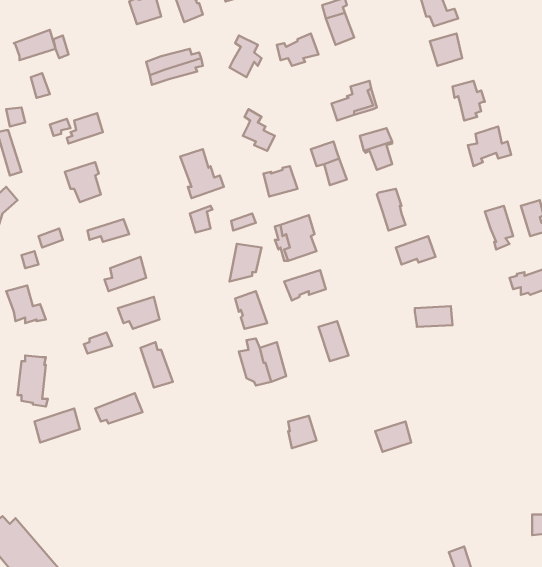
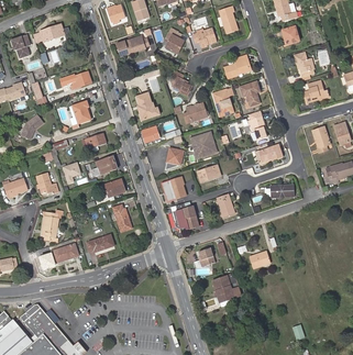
building: none -> [212,276,241,303]

